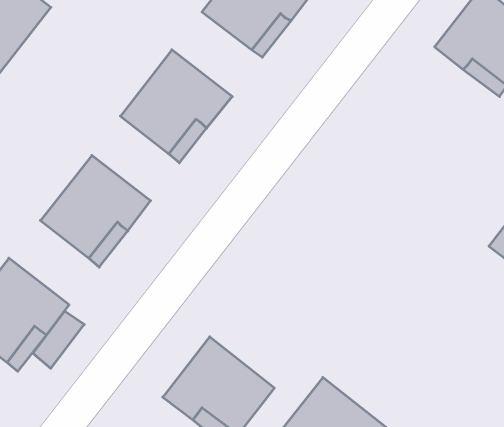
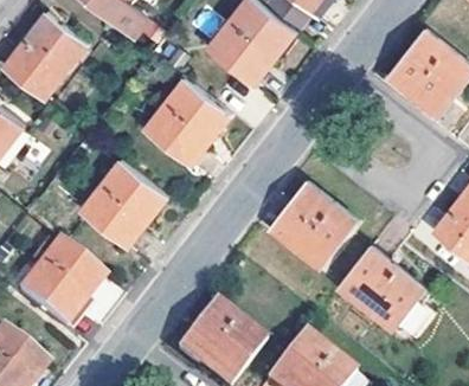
building: none -> [269,181,358,268]
building: none -> [338,246,426,330]

